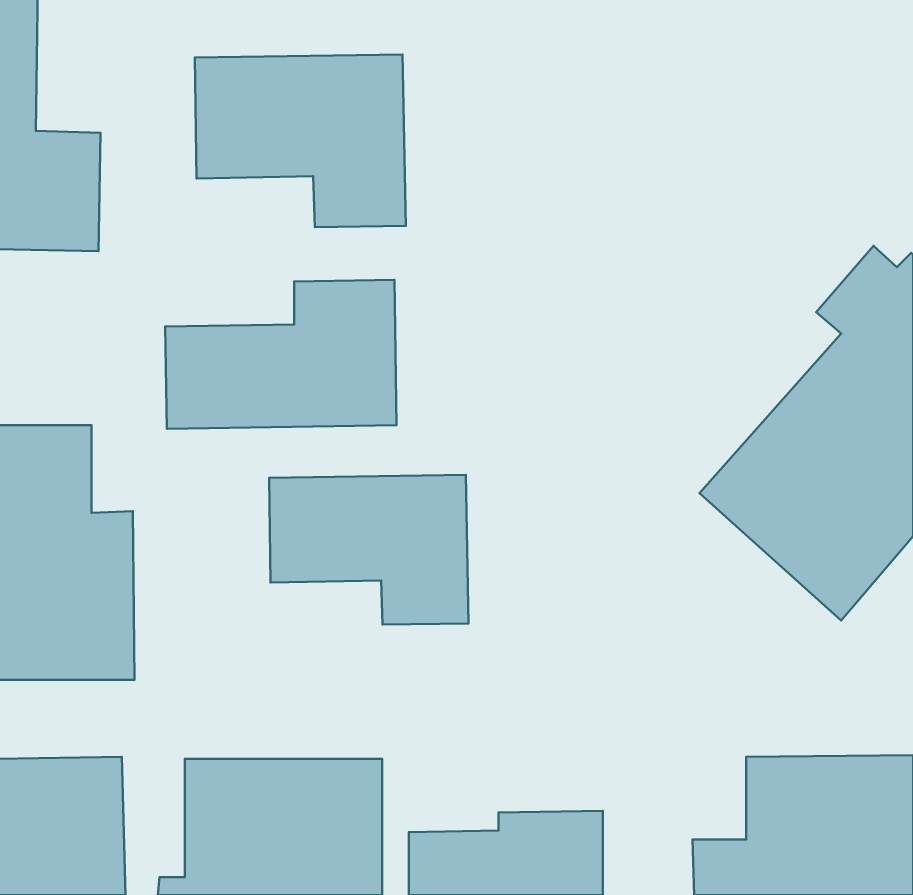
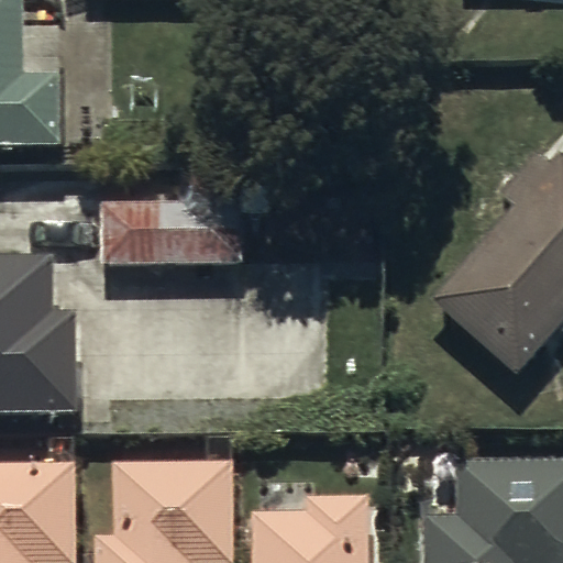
building: [195,54,406,227] -> none
building: [269,475,469,624] -> none

